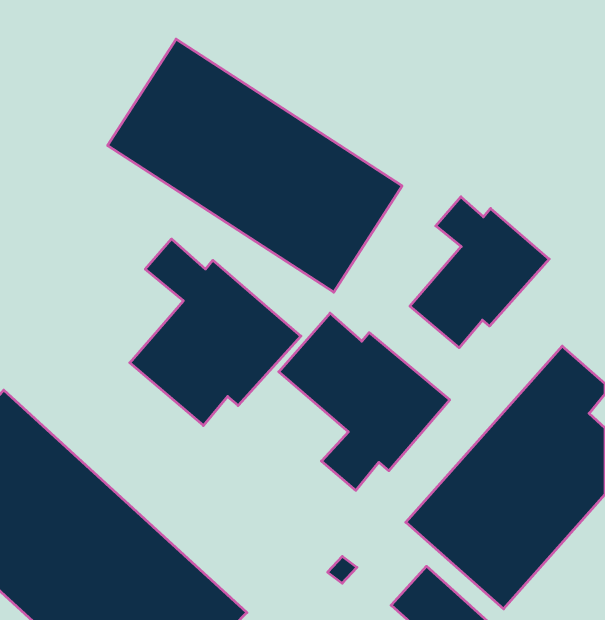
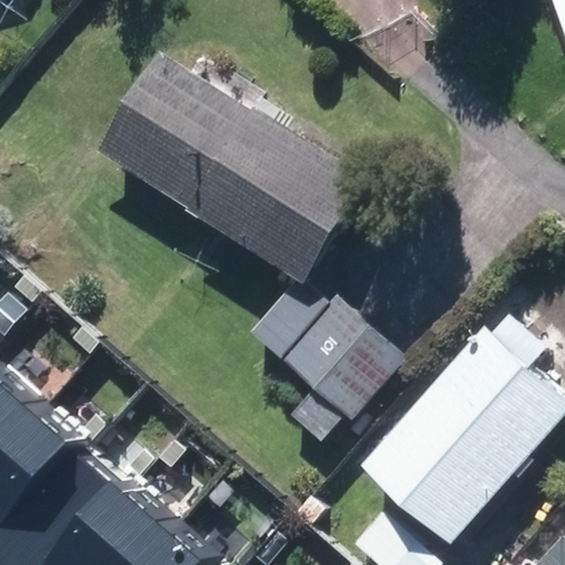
building: [410,197,549,348] -> none
building: [130,239,301,426] -> none

